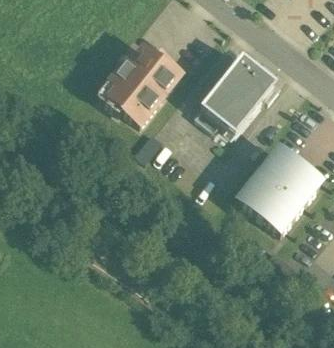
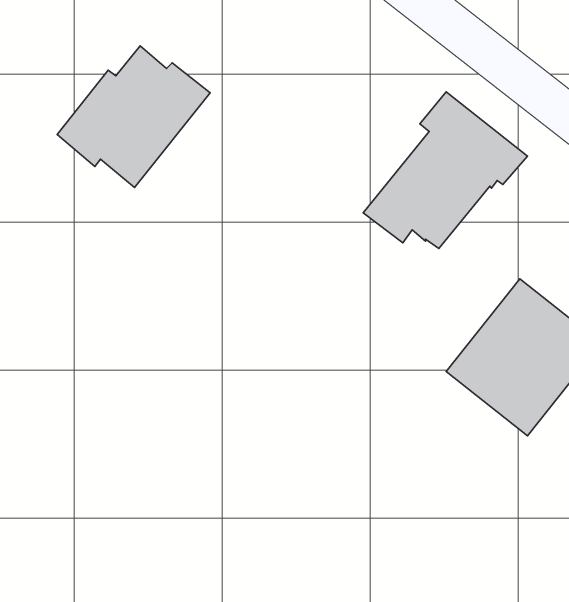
building: [99,46,180,121] -> [57,46,210,187]

